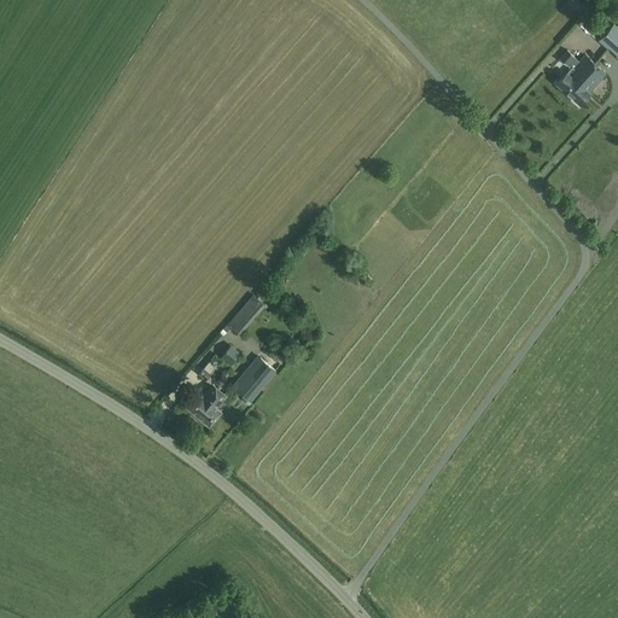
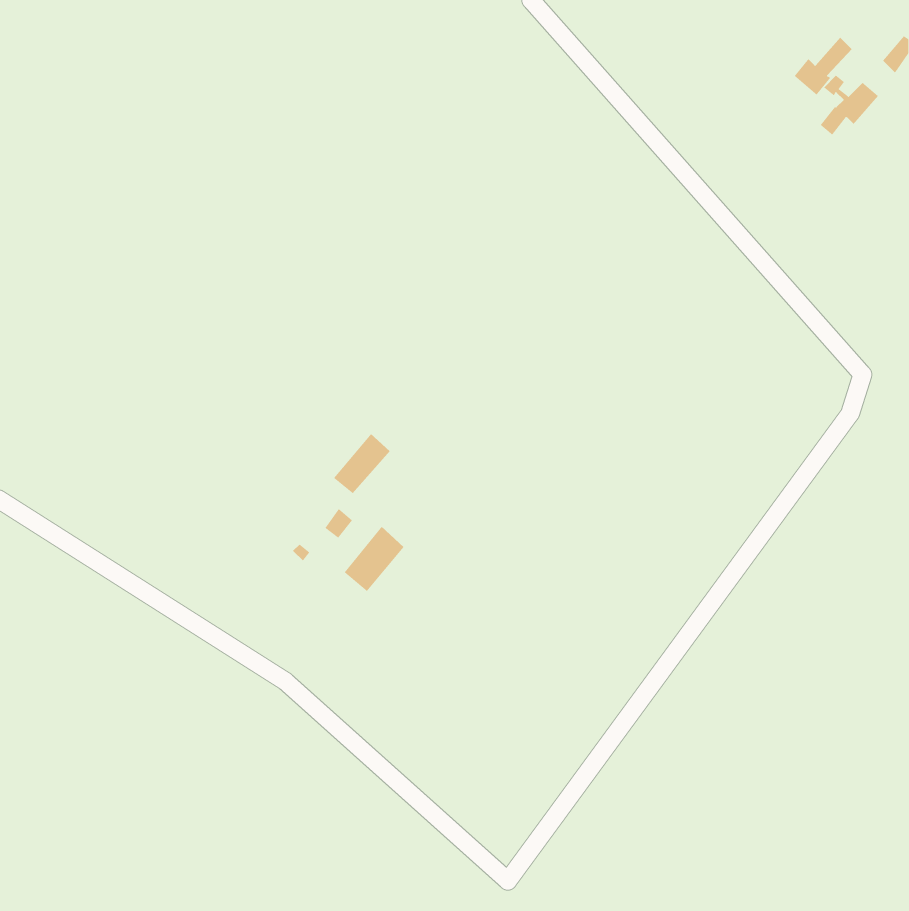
building: [564,65,604,105] -> [794,37,853,96]
building: [186,384,226,425] -> none

